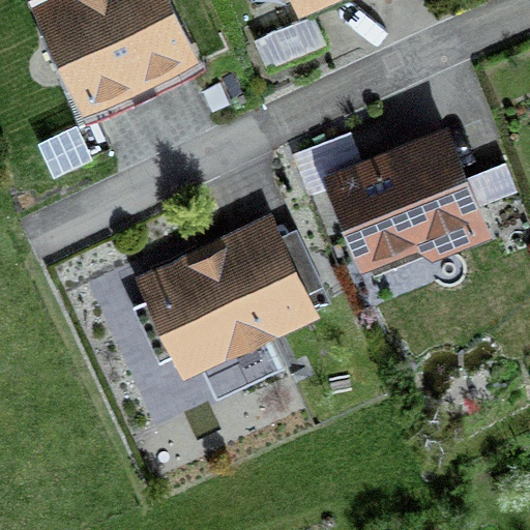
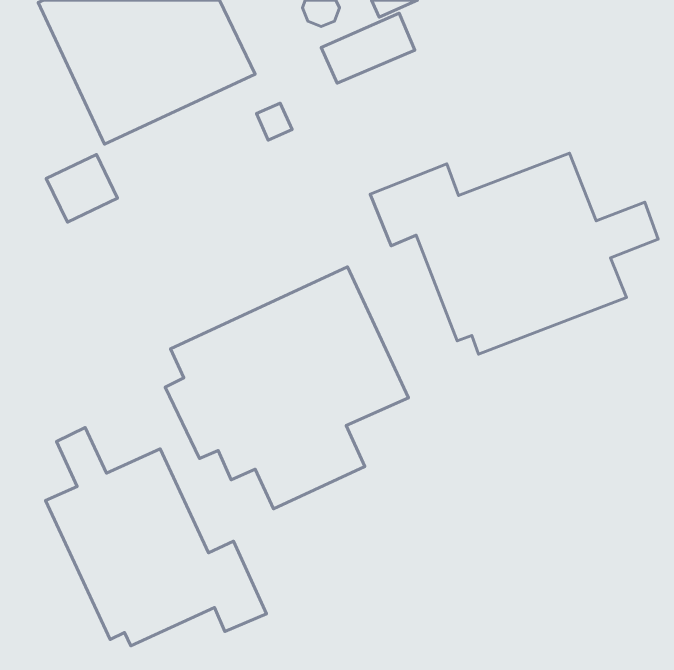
building: none -> [46,427,266,646]

